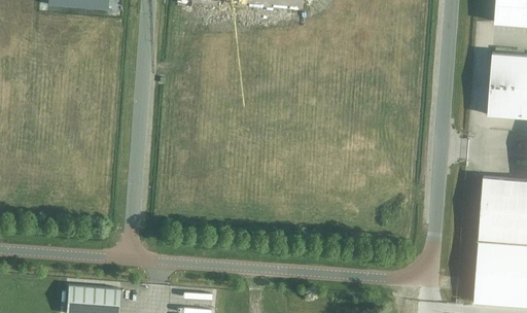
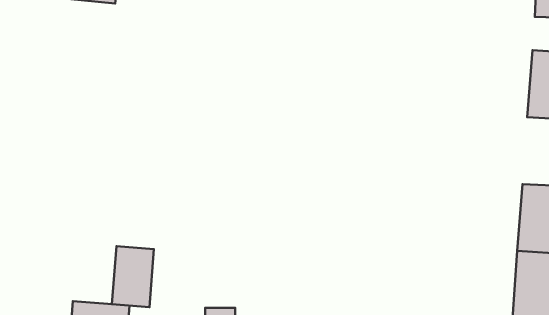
building: none -> [112,246,154,307]

